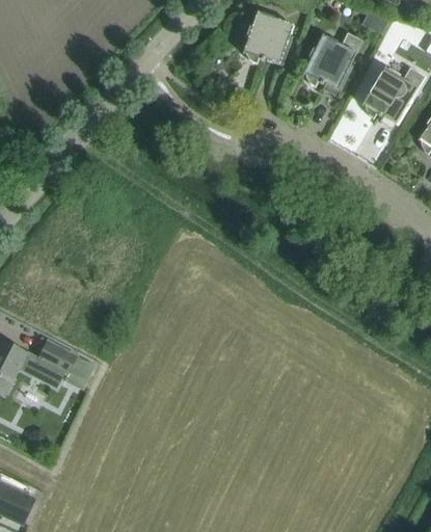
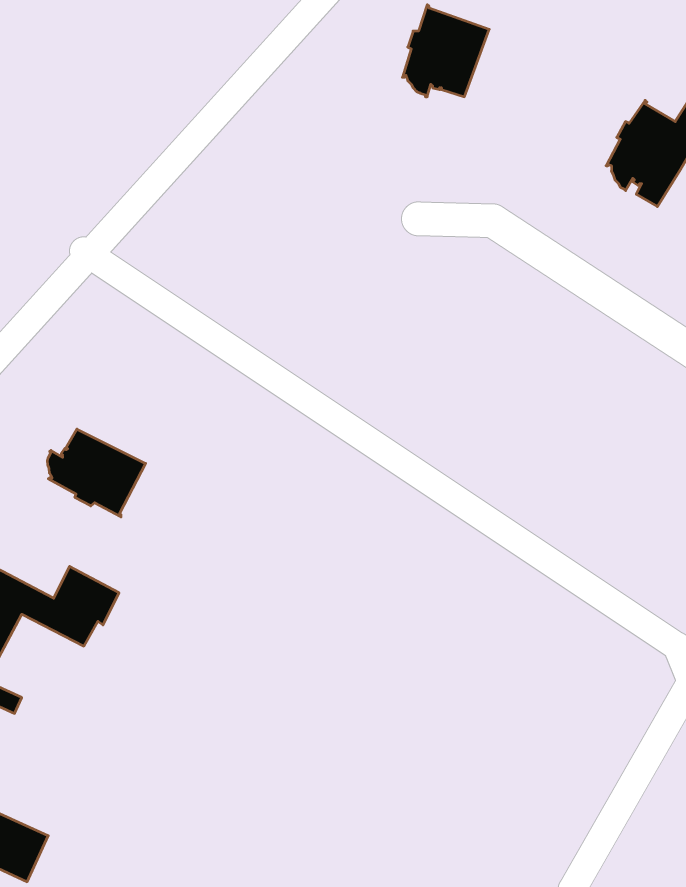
building: [303,30,363,94] -> none
building: none -> [47,429,146,517]

